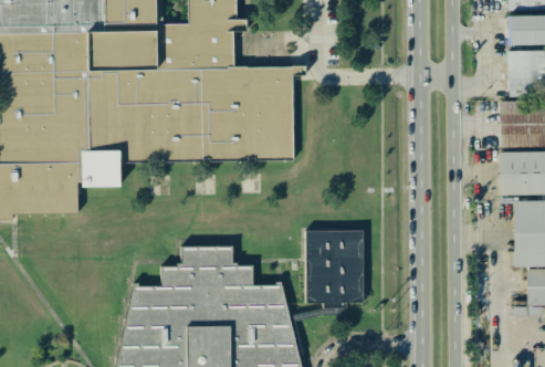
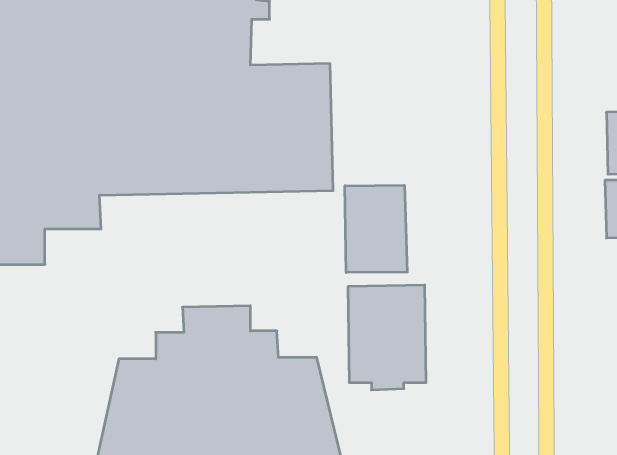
building: none -> [345,185,407,273]

